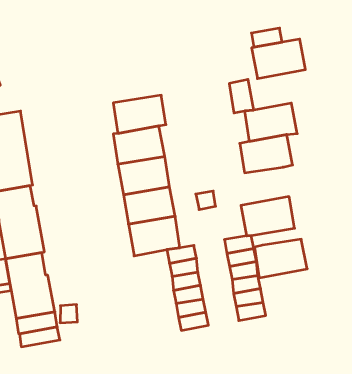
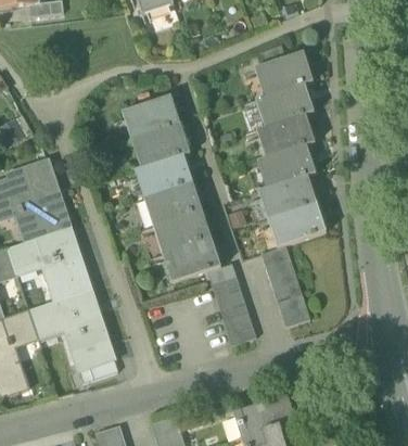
building: none -> [126,94,180,138]
building: none -> [260,82,314,125]
building: [254,239,307,278] -> [263,175,316,217]

